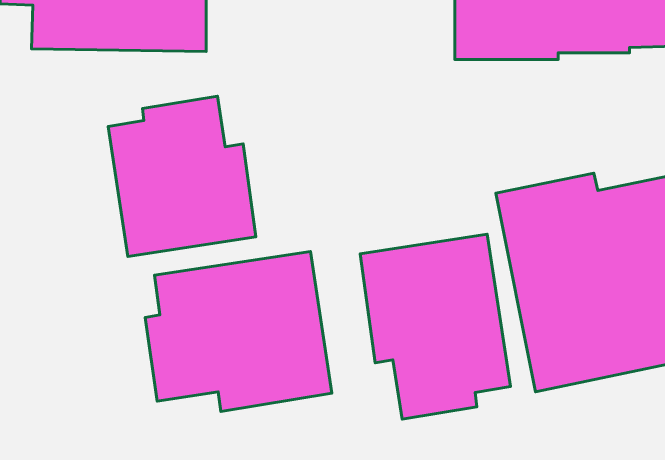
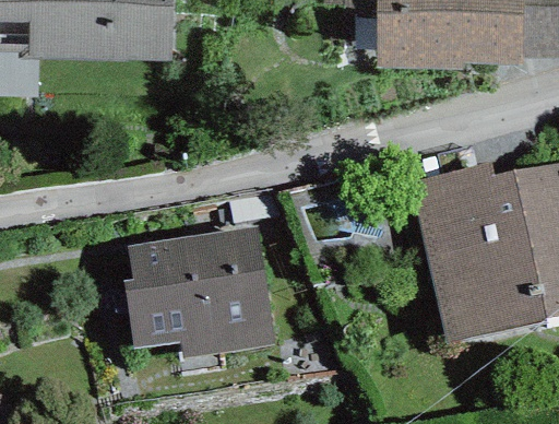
building: [108,96,256,257] -> none
building: [360,234,511,419] -> none

